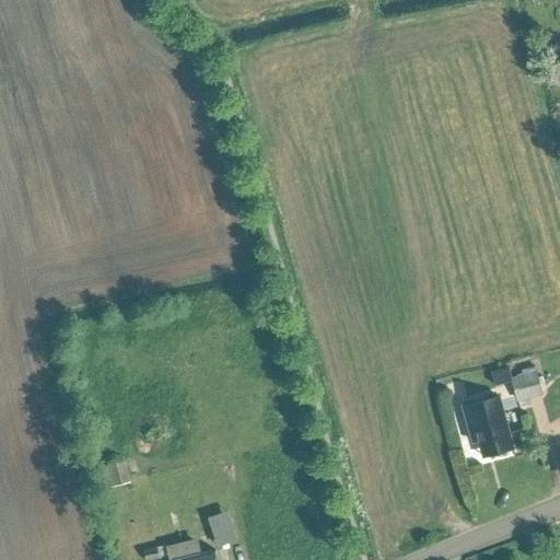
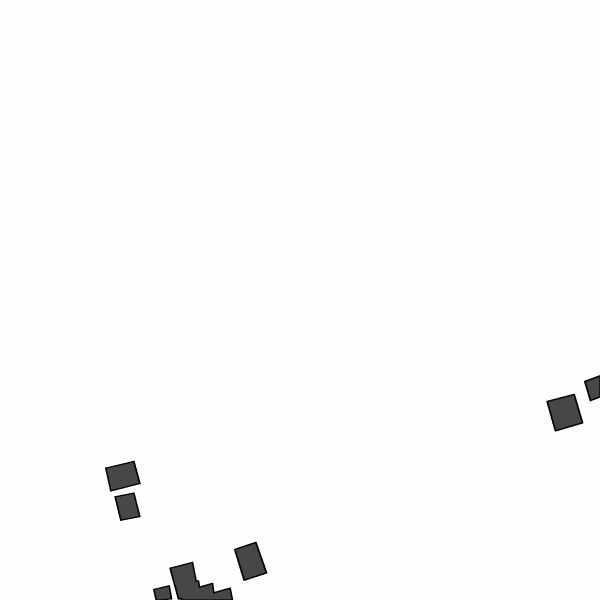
building: [466,398,512,457] -> none
building: none -> [106,462,140,491]

